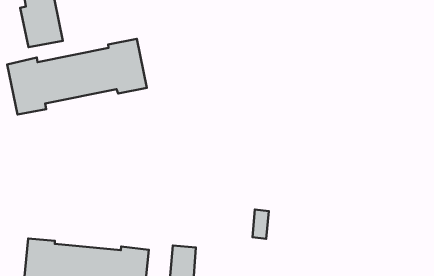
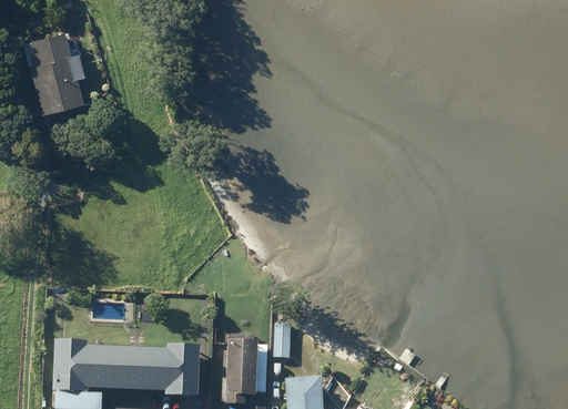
building: [7,39,147,115] -> none
building: [253,210,269,239] -> [275,321,293,356]

